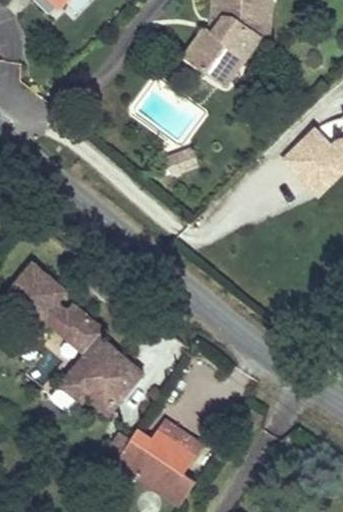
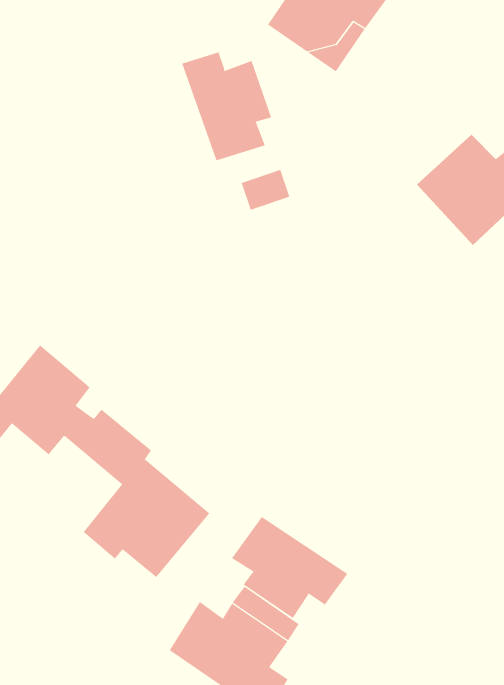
building: none -> [182,52,272,161]
building: none -> [231,516,348,619]

